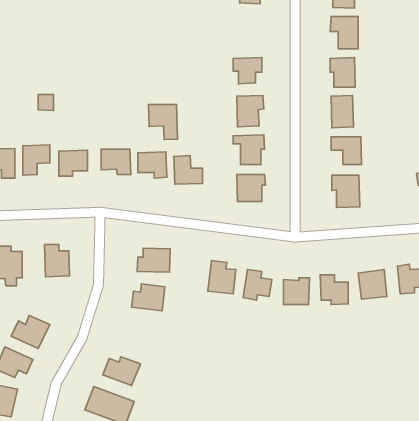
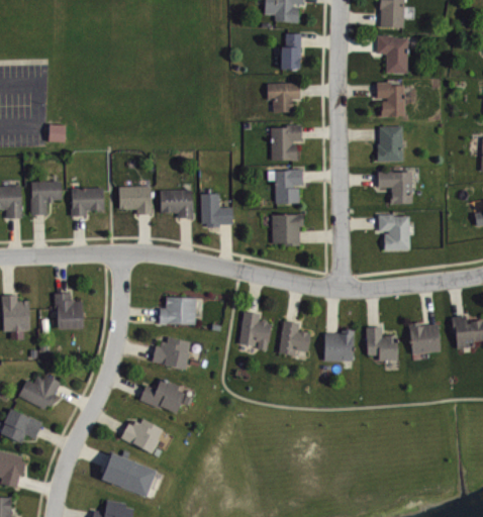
building: none -> [281,33,301,70]
building: [149,104,177,140] -> none
building: none -> [140,379,187,414]

